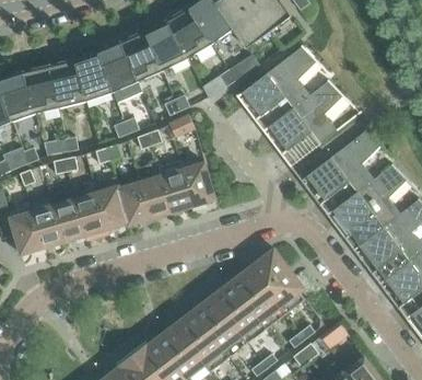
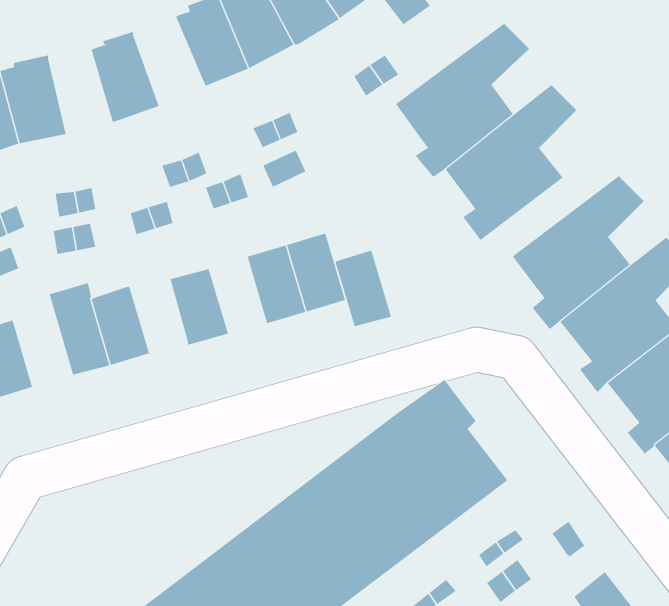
building: [98,41,138,93] -> none
building: [51,59,86,108] -> none
building: [140,176,172,219] -> [334,250,392,327]
building: [93,177,128,230] -> none
building: [30,197,65,249] -> none

